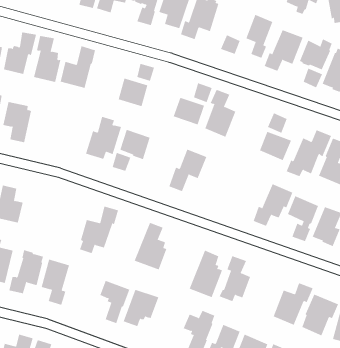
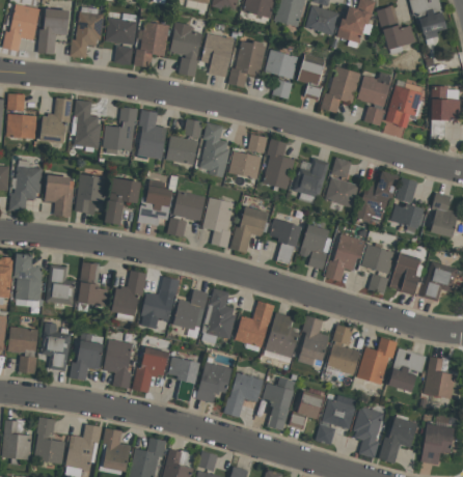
building: none -> [263,49,297,79]
building: none -> [137,109,166,159]
building: none -> [198,121,229,176]
building: none -> [75,174,105,214]
building: none -> [105,177,141,224]
building: none -> [293,158,329,204]
building: none -> [202,197,234,247]
building: none -> [269,218,302,264]
building: none -> [300,223,331,270]
building: none -> [78,261,108,311]
building: none -> [112,270,146,321]
building: none -> [173,289,208,338]
building: none -> [235,301,274,347]
building: none -> [327,324,360,374]
building: none -> [132,346,169,392]
building: none -> [223,372,264,417]

